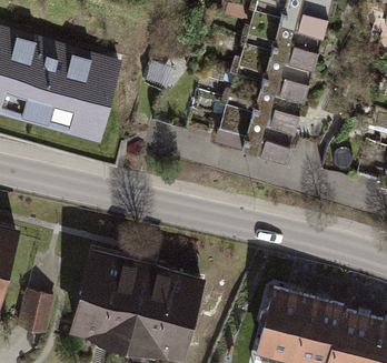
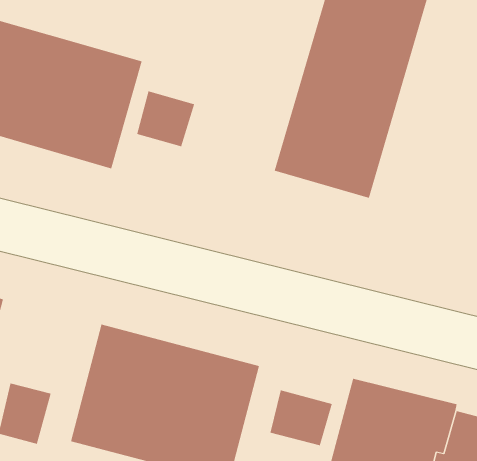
building: none -> [137,91,195,147]
building: none -> [270,390,332,446]

